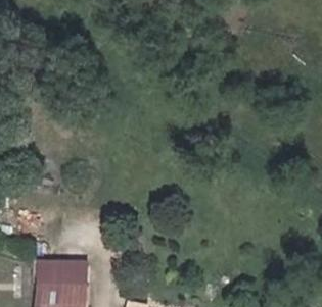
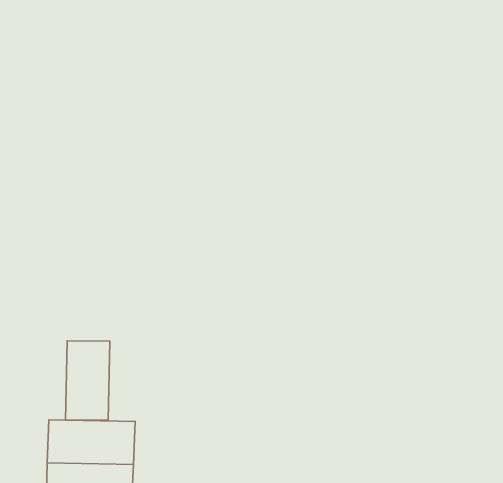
building: none -> [66,341,110,420]

